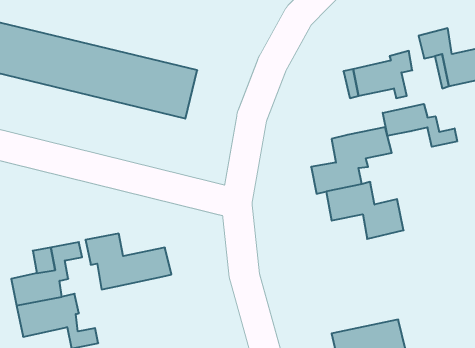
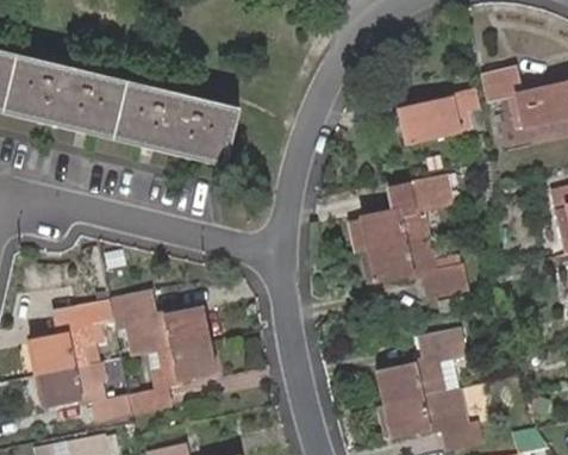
building: [383,104,457,147] -> none
building: none -> [380,328,464,403]
building: none -> [132,337,216,412]

